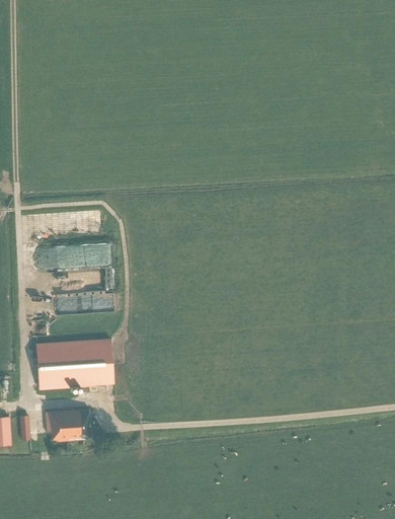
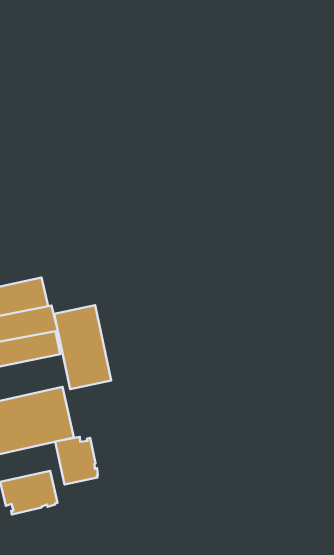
building: none -> [54,305,111,389]
building: none -> [55,437,98,485]

